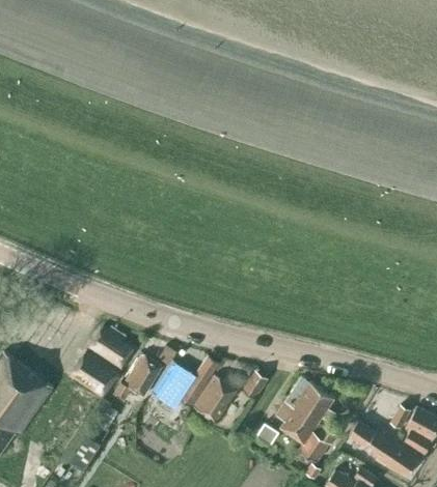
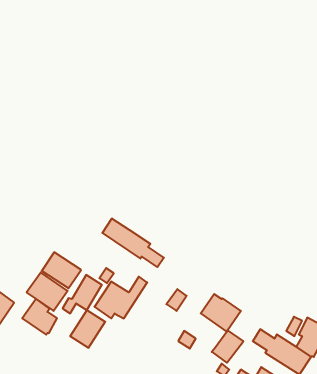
building: none -> [102,218,164,267]
building: [193,376,237,423] -> [70,310,105,348]
building: none -> [22,299,57,335]
building: [275,402,317,445] -> none

